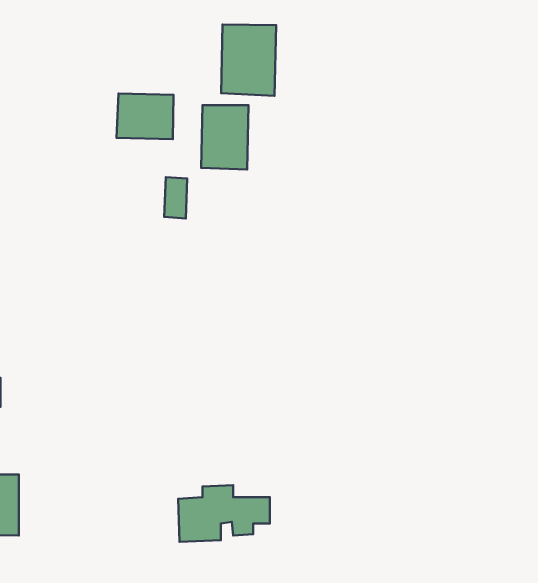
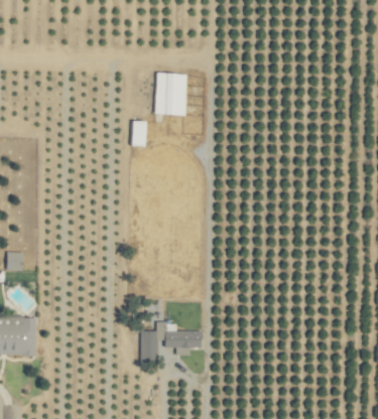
building: [221,24,276,96] -> none
building: [117,93,174,139] -> none

